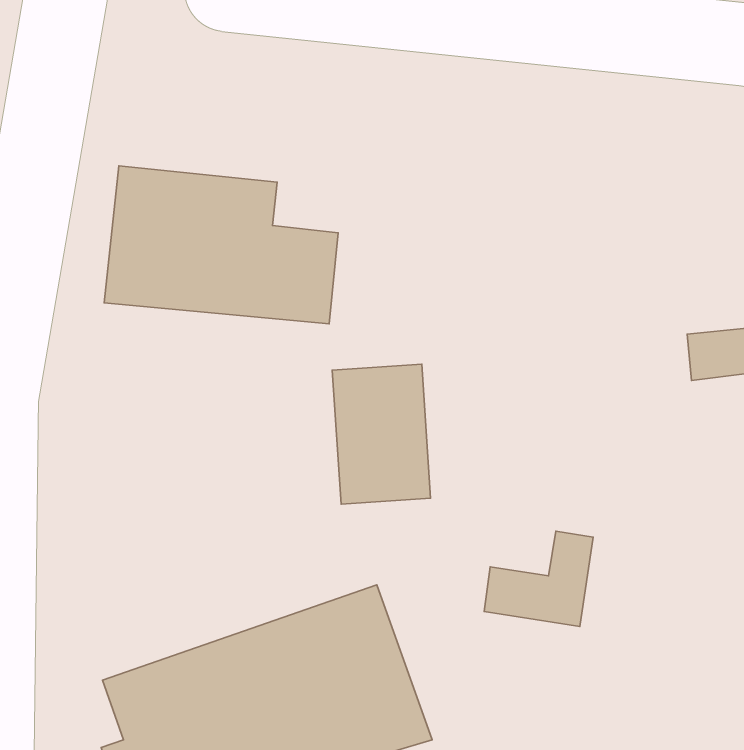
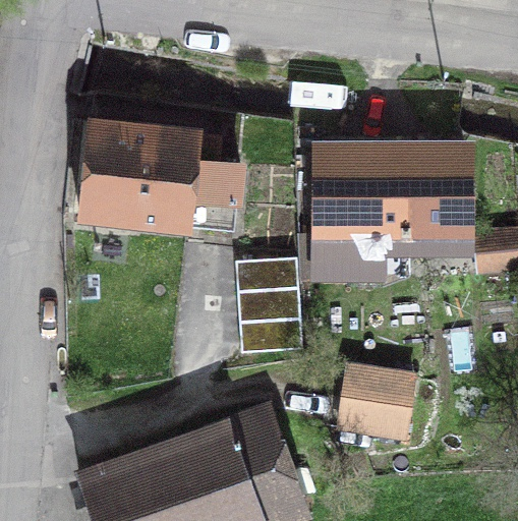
building: none -> [300,146,465,274]

